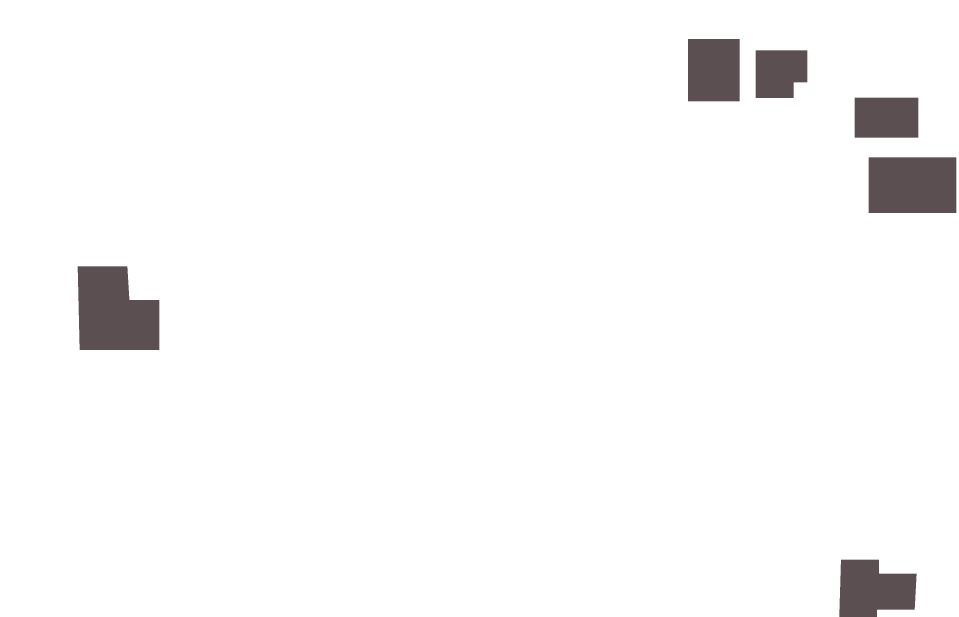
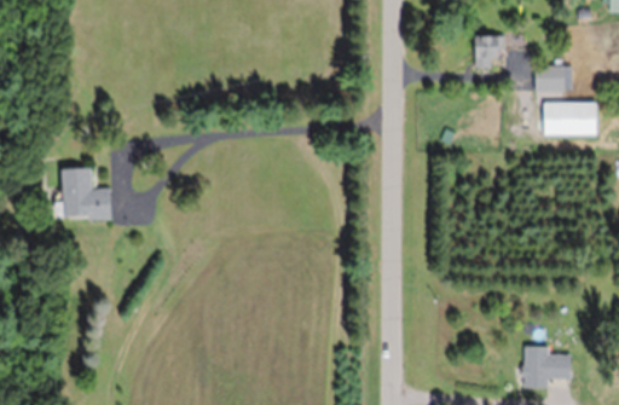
building: [687,38,740,102] -> none

